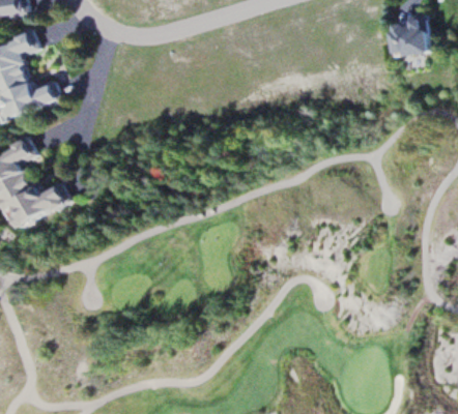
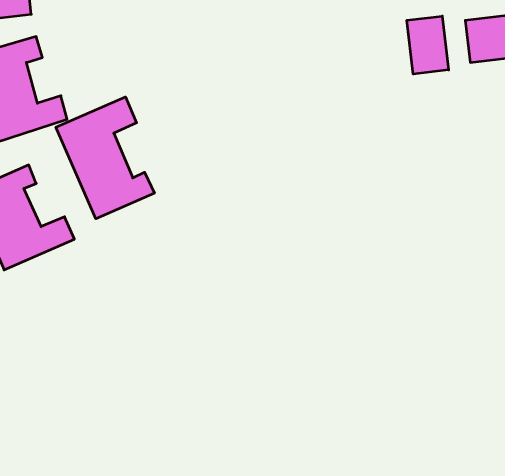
building: none -> [407,16,449,74]
building: none -> [56,97,154,219]

